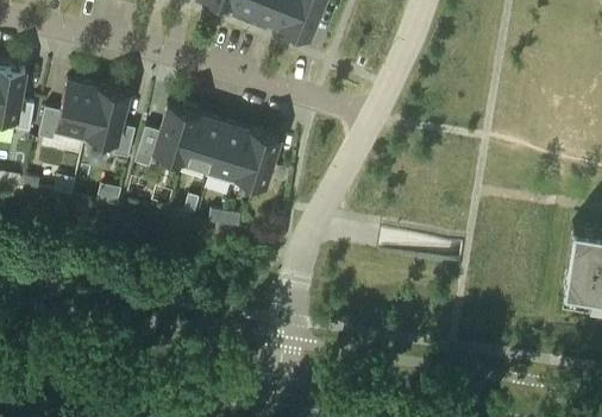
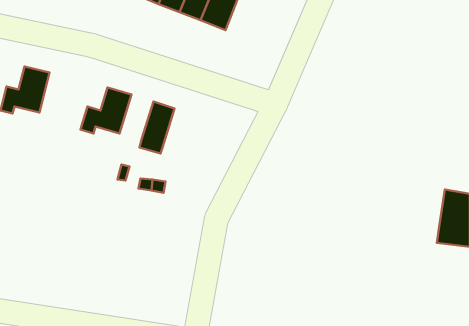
building: [86,90,134,157] -> none
building: [181,116,221,170] -> none
building: [232,133,275,188] -> none

